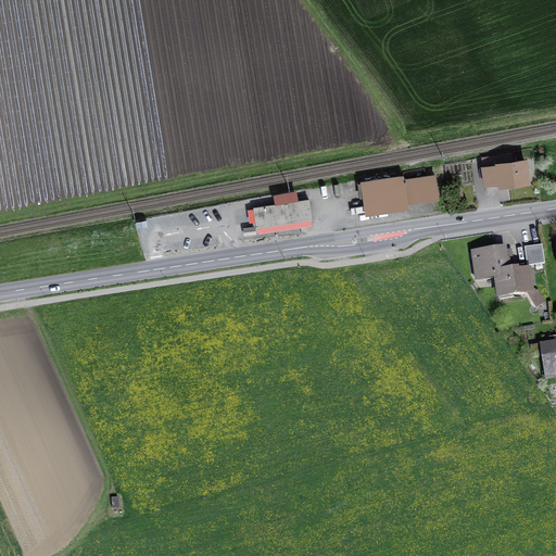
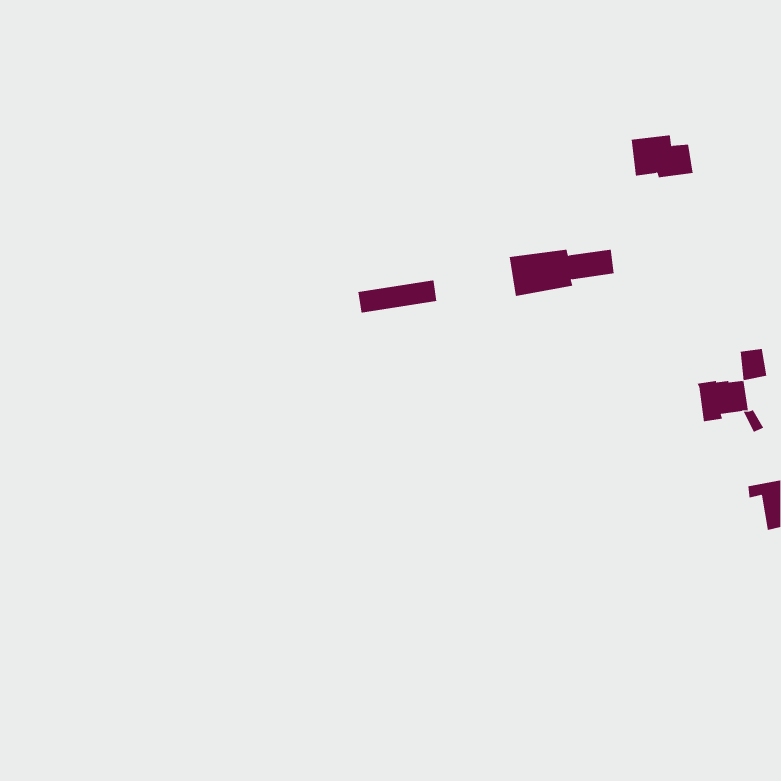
building: [482,154,527,185] -> [631,135,693,178]
building: [472,251,509,278] -> none

